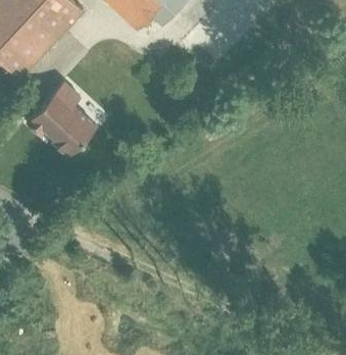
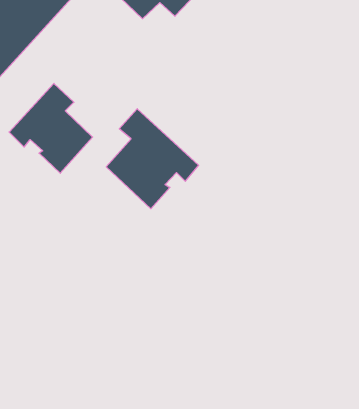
building: none -> [106,109,199,209]

